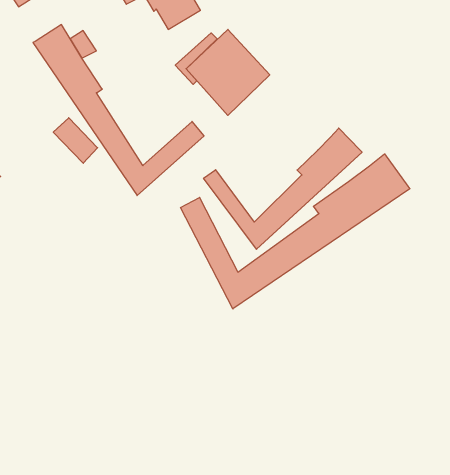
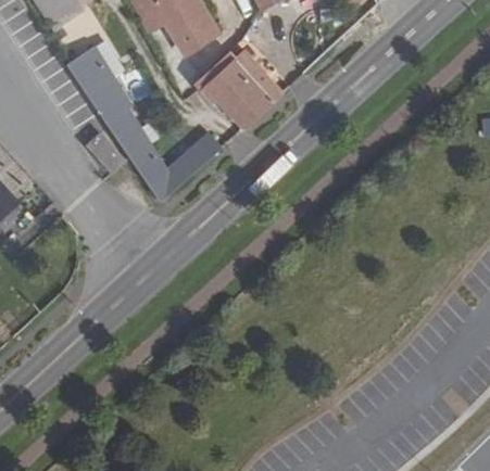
building: [204,128,362,249] -> none
building: [181,154,410,309] -> none

